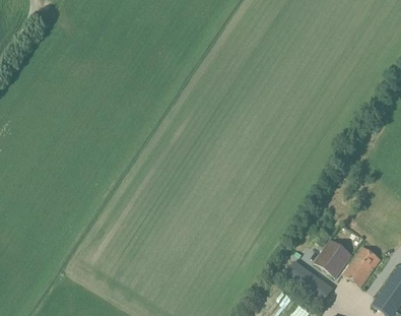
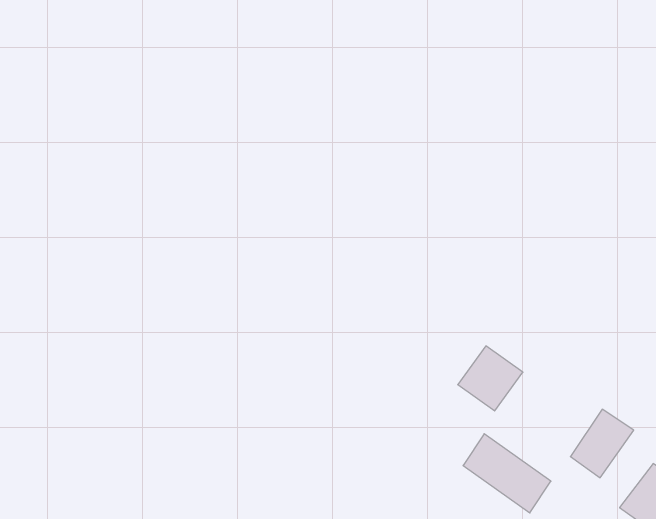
building: [315,239,352,276] -> [458,346,523,411]

